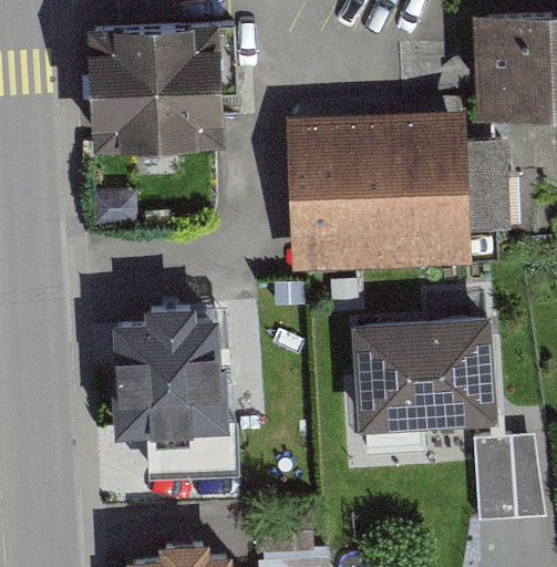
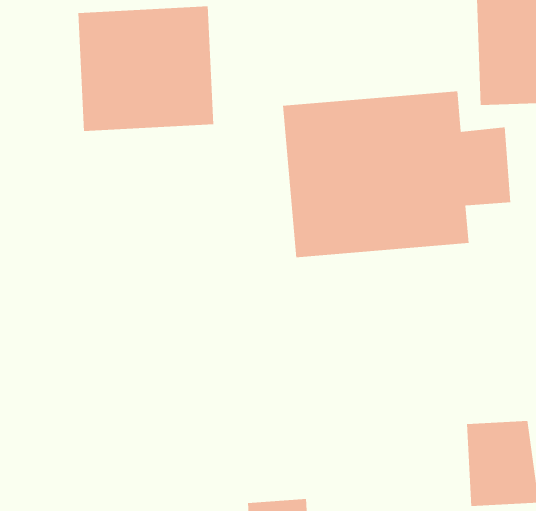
building: [110,311,226,446] -> none
building: [350,312,495,426] -> none

